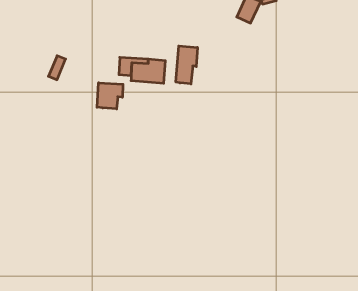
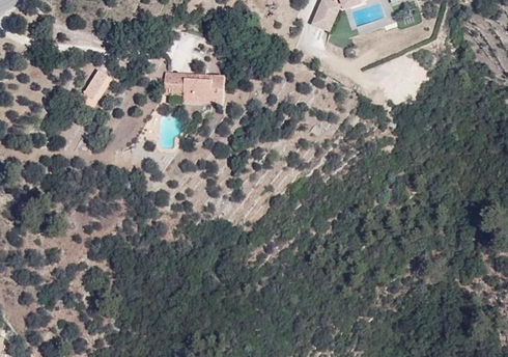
building: [176,46,197,84] -> none
building: [97,83,123,109] -> none

